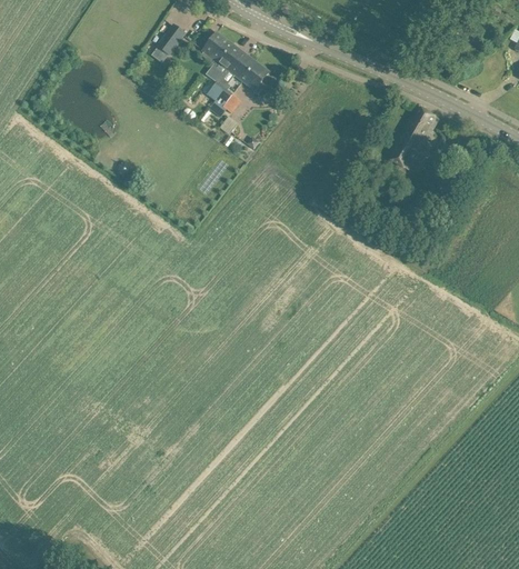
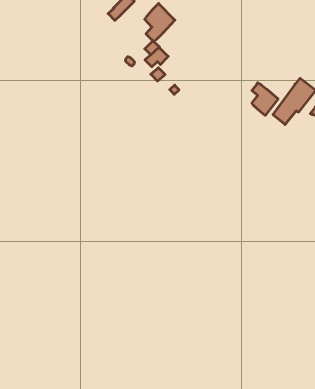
building: [229,51,270,90] -> none
building: none -> [252,83,278,115]

